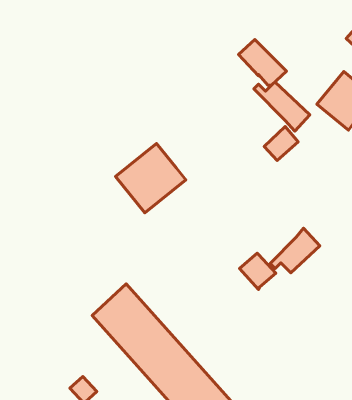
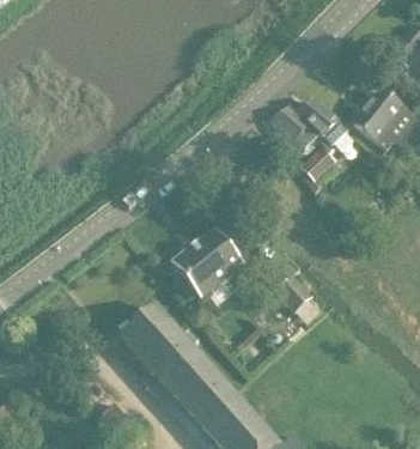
building: [239,39,287,85] -> [268,103,317,150]
building: [115,144,186,213] -> [169,225,241,296]
building: [270,228,320,273] -> none

